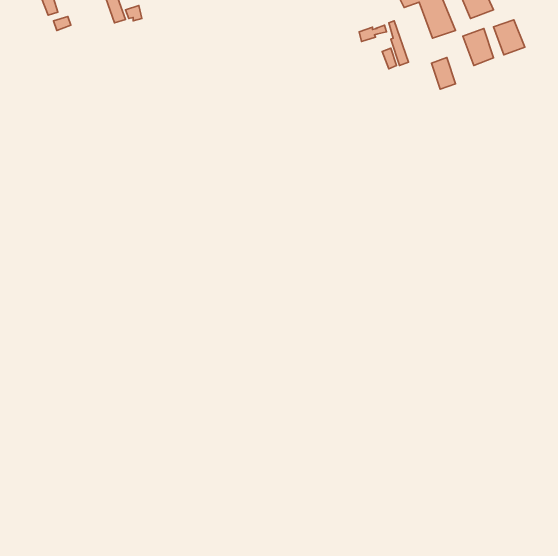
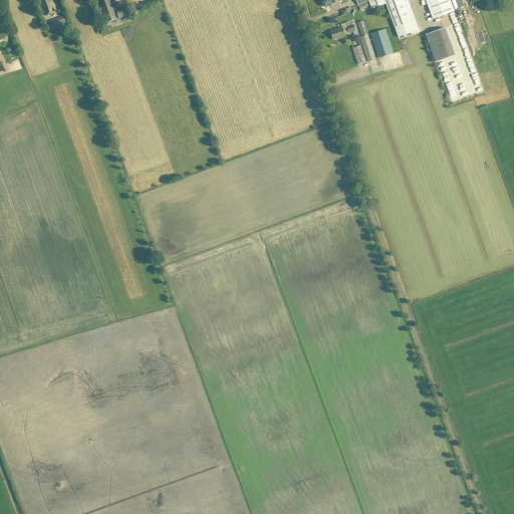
building: [493,20,525,55] -> none
building: [432,58,456,89] -> [370,27,393,56]

